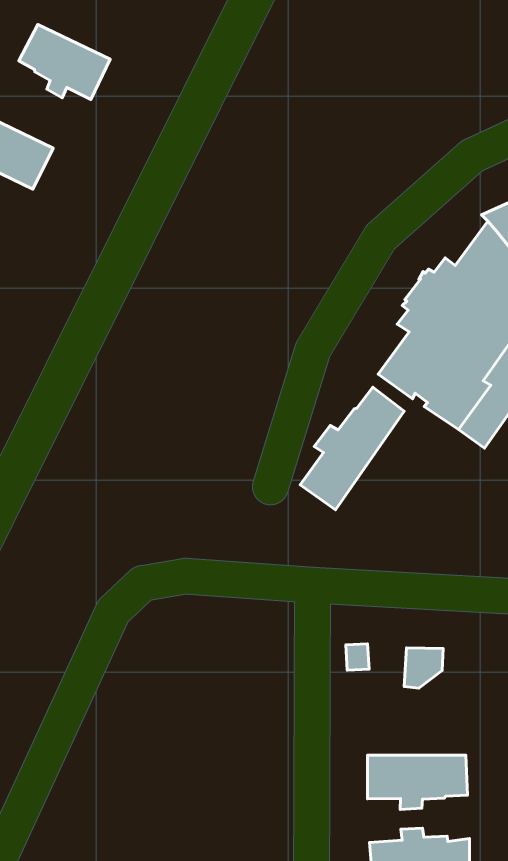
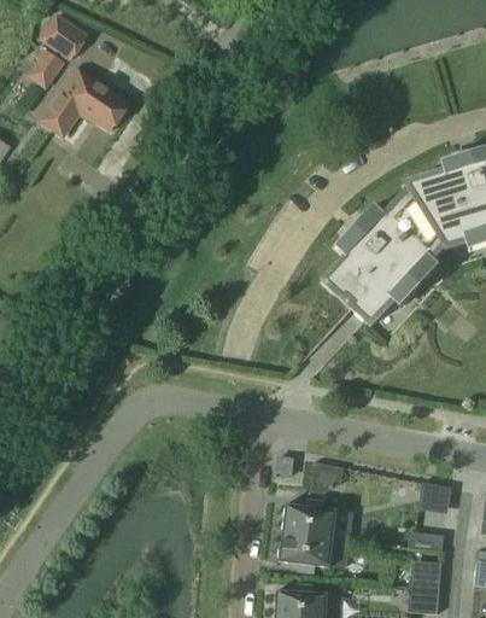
building: [19,24,110,100] -> none
building: [300,387,404,510] -> none
building: none -> [282,499,347,540]

